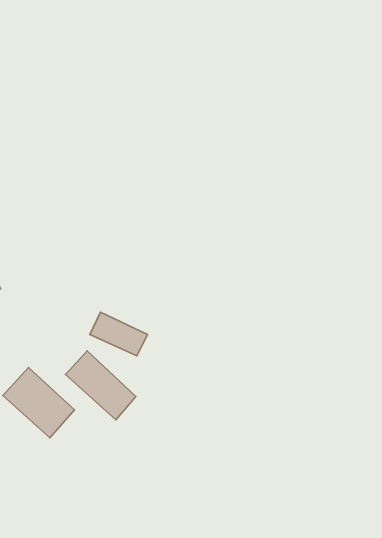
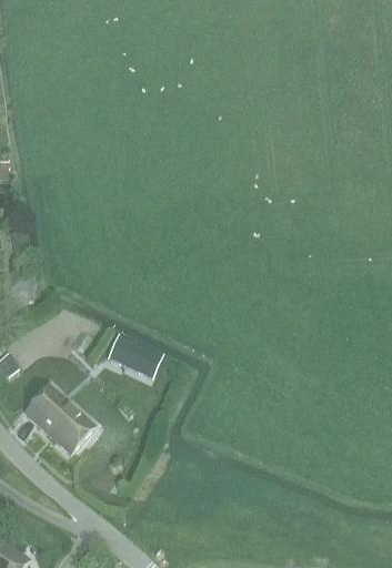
building: [66,351,136,420] -> none

